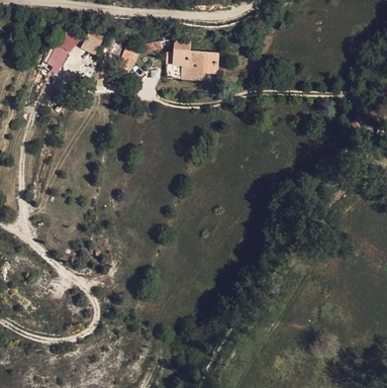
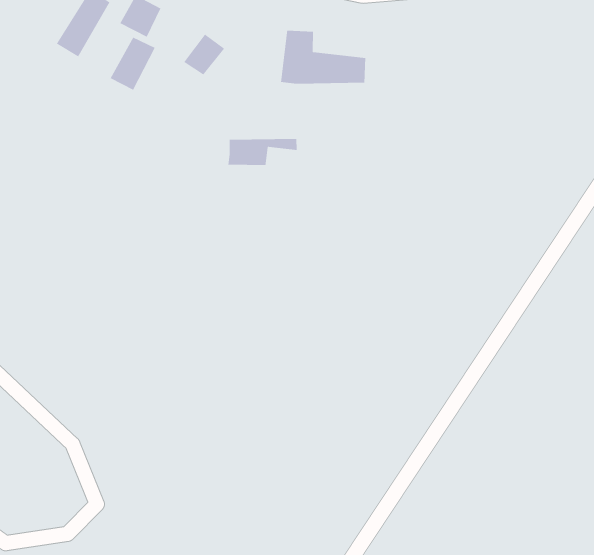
building: none -> [109,36,156,91]
building: [181,66,219,85] -> [228,138,297,166]

